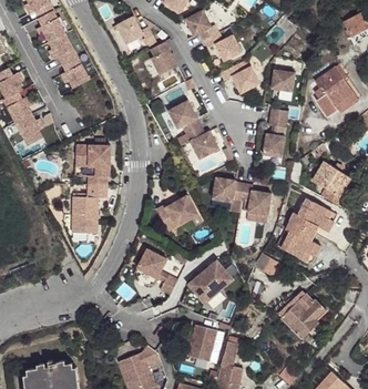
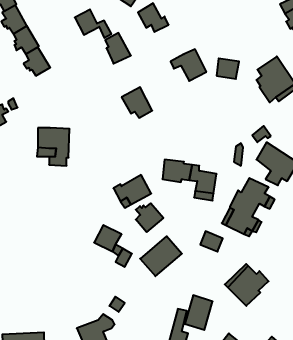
building: [203,32,242,60] -> none
building: [263,109,287,157] -> none
building: [177,125,218,158] -> none
building: [72,184,108,234] -> none
building: none -> [136,203,163,232]
building: [188,324,218,361] -> [185,295,213,330]

